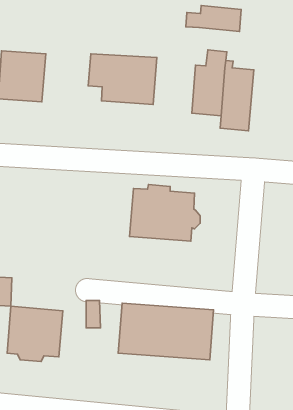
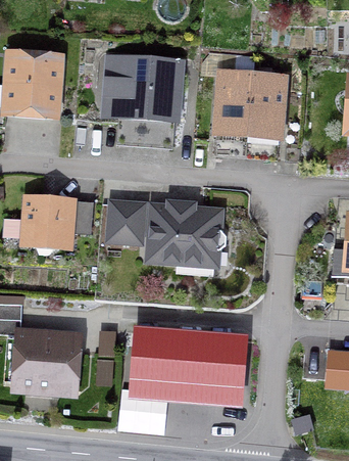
building: [186,6,241,32] -> none
building: none -> [21,196,91,243]
building: none -> [108,203,142,241]

